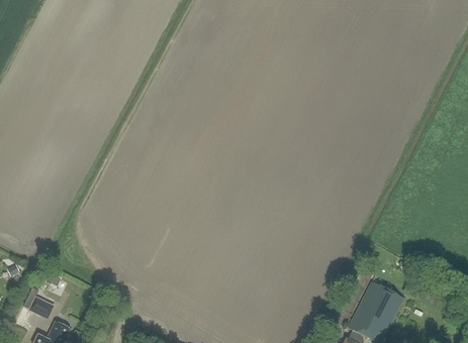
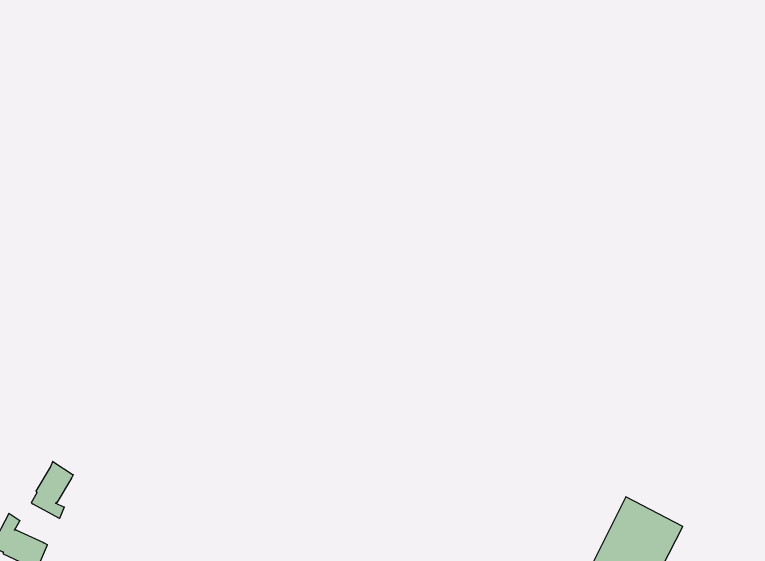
building: none -> [31,461,73,518]

